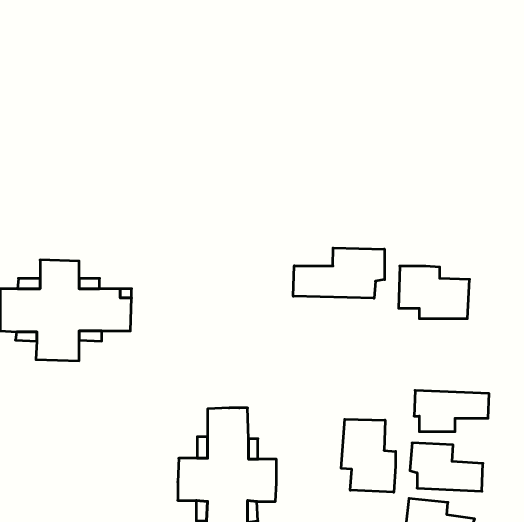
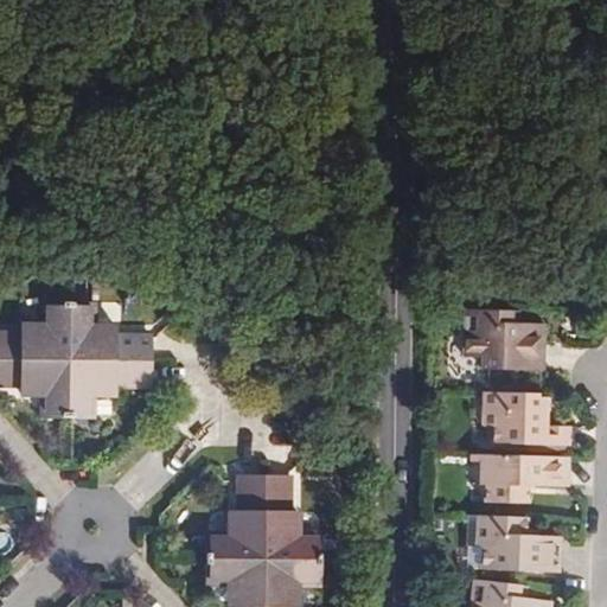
building: [293,248,385,298] -> none
building: none -> [481,391,567,443]
building: [341,419,396,492] -> none

